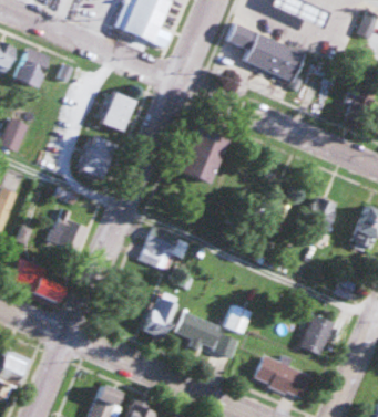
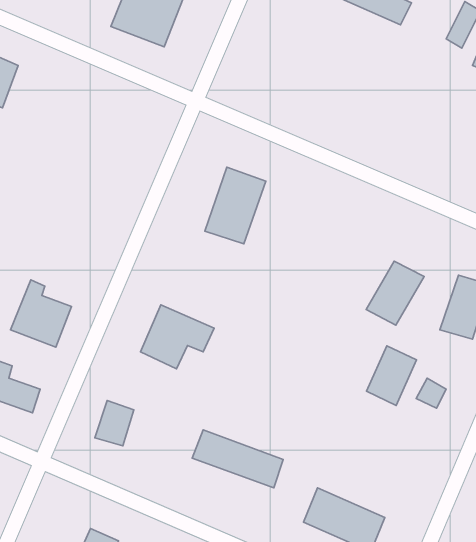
building: [227,23,304,81] -> none
building: [101,90,137,131] -> none
building: [78,134,119,179] -> none
building: [149,294,176,326] -> [95,400,134,446]
building: [224,304,251,334] -> none
building: [298,313,334,355] -> [366,346,416,405]

